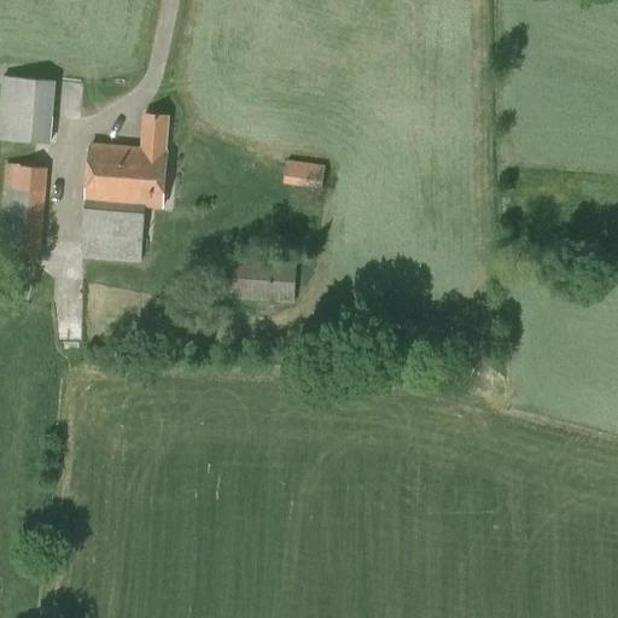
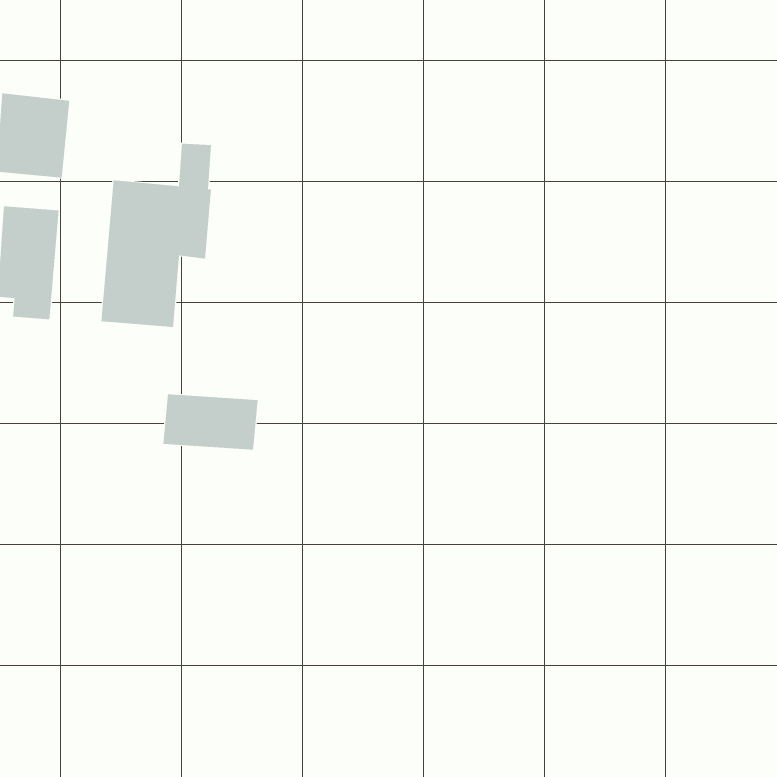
building: [282,159,325,188] -> none
building: [220,257,296,302] -> [162,394,258,450]

